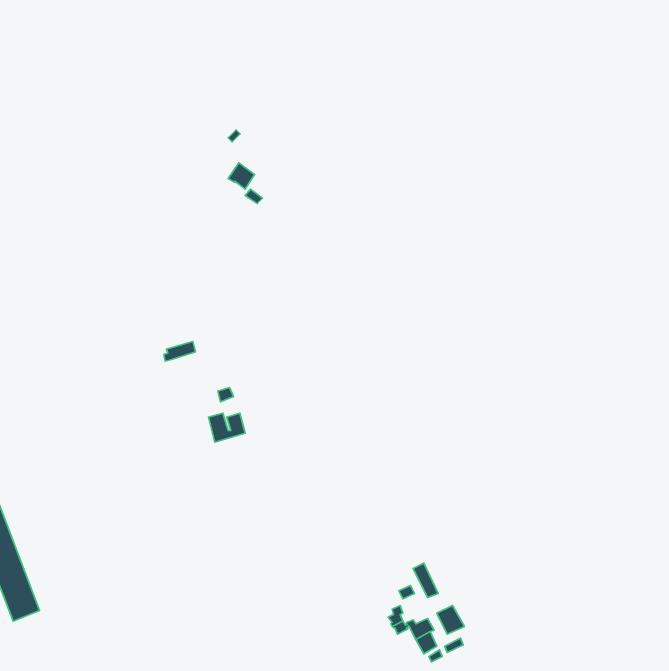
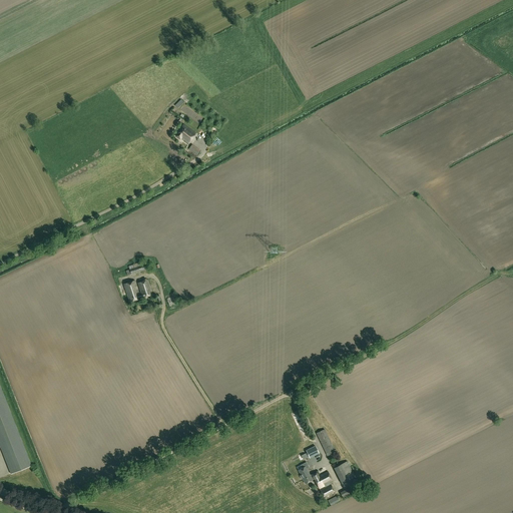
building: [208,413,245,442] -> [123,281,151,303]

